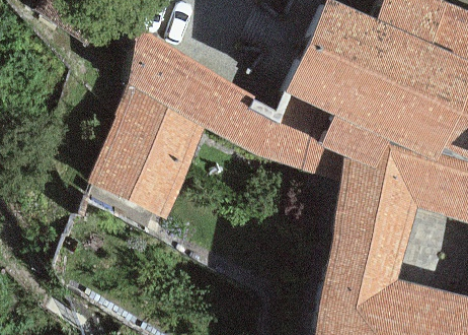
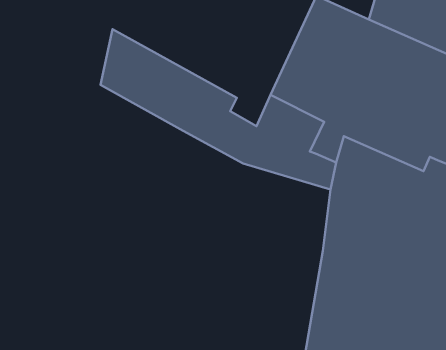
building: [87,82,204,216] -> none

